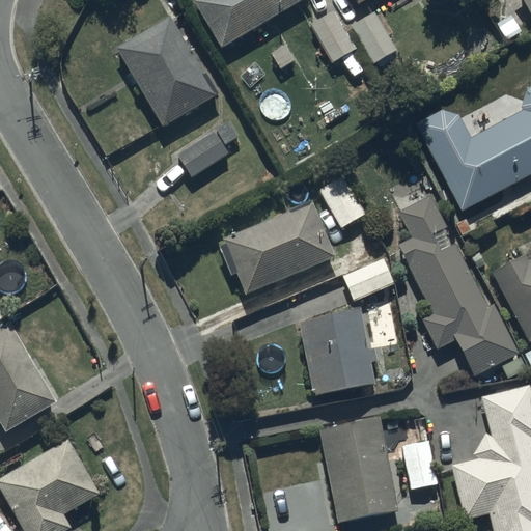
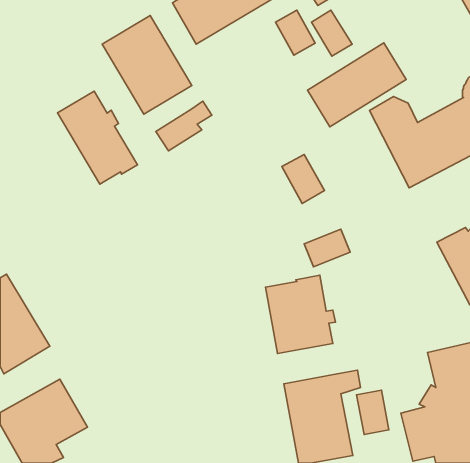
building: none -> [307,43,406,127]
building: none -> [58,91,137,184]
building: [398,195,526,378] -> none
building: [219,203,335,296] -> none

